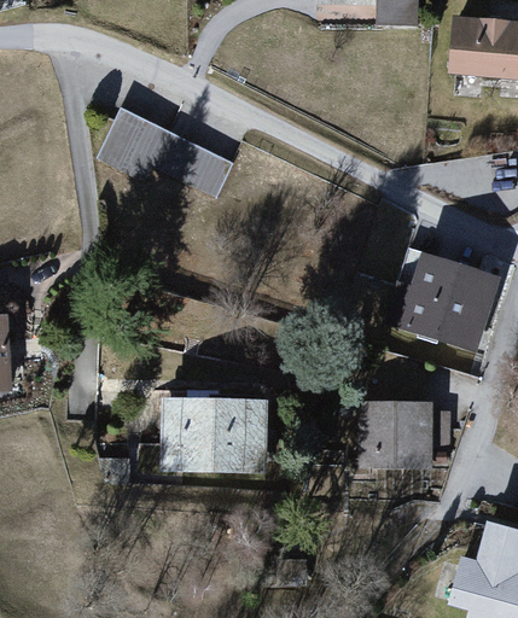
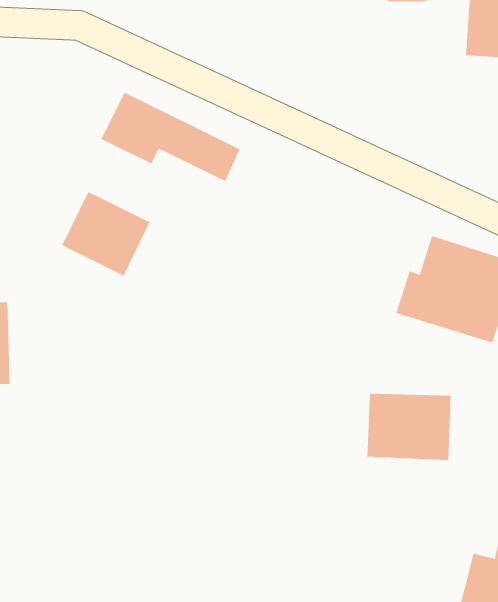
building: none -> [62,191,150,276]
building: [155,398,272,471] -> none

